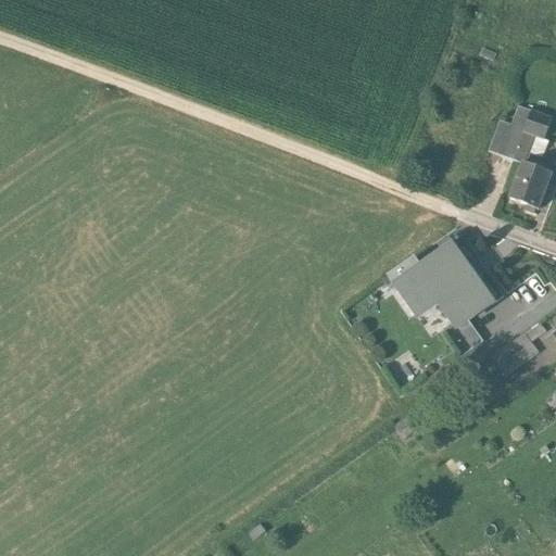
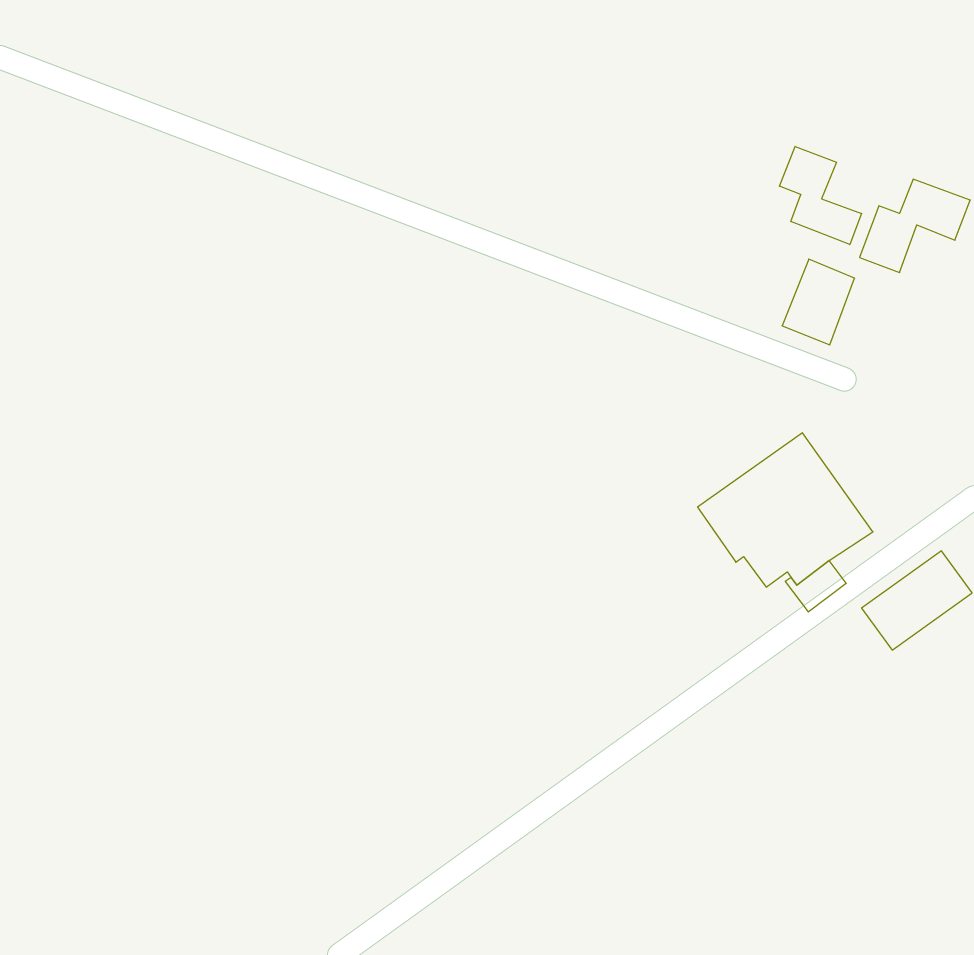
building: none -> [779,146,862,245]
building: [506,156,547,205] -> [782,259,855,345]

